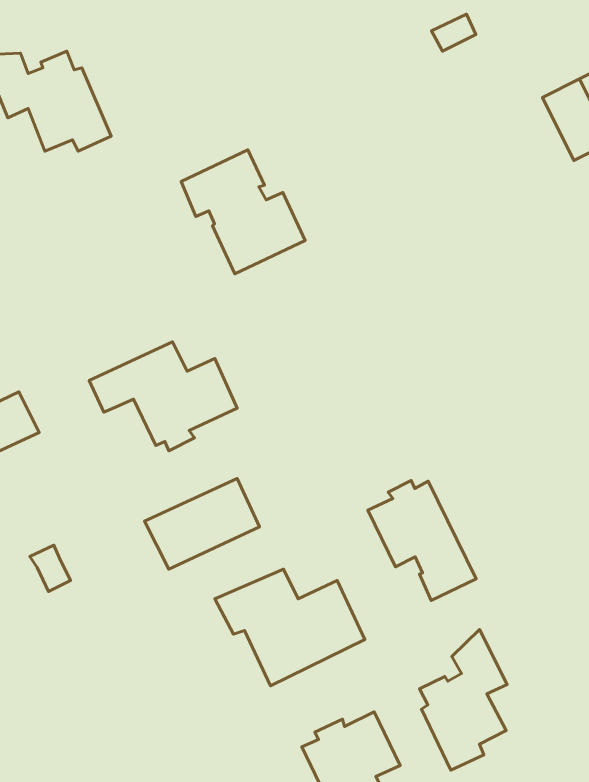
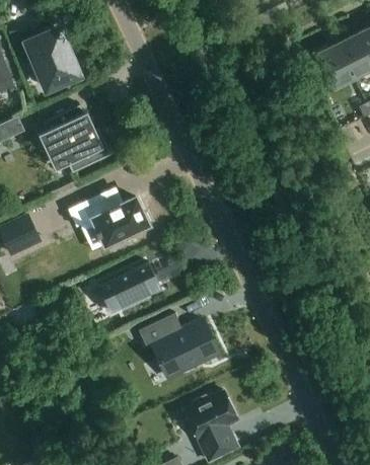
building: [181,150,305,274] -> [44,105,112,173]
building: [368,480,476,601] -> none
building: [420,630,507,770] -> none

